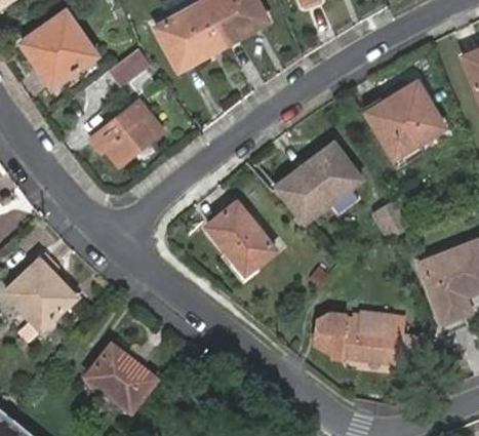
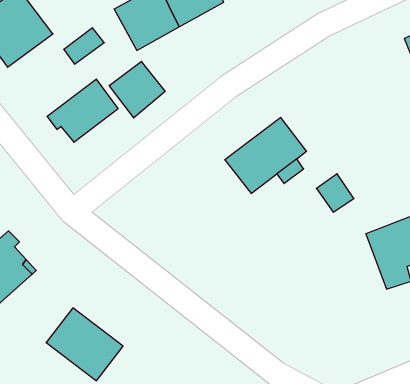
building: [359,79,441,158] -> none
building: none -> [109,61,165,118]
building: [200,198,274,276] -> none
building: [316,312,408,366] -> none

